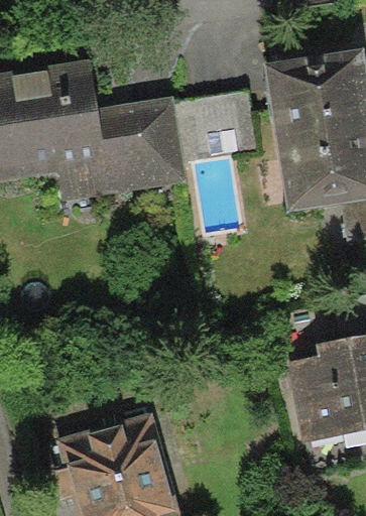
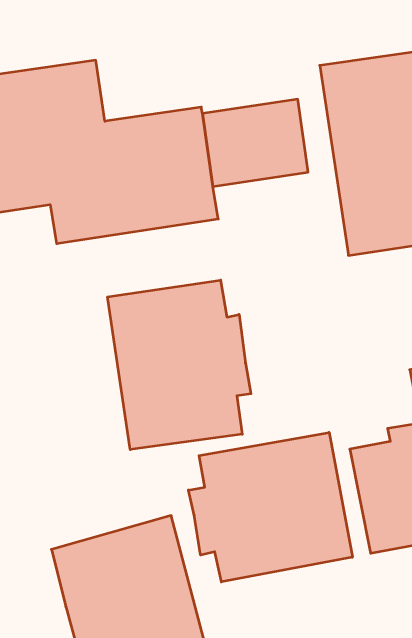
building: none -> [108,280,251,450]
building: none -> [188,432,352,582]

